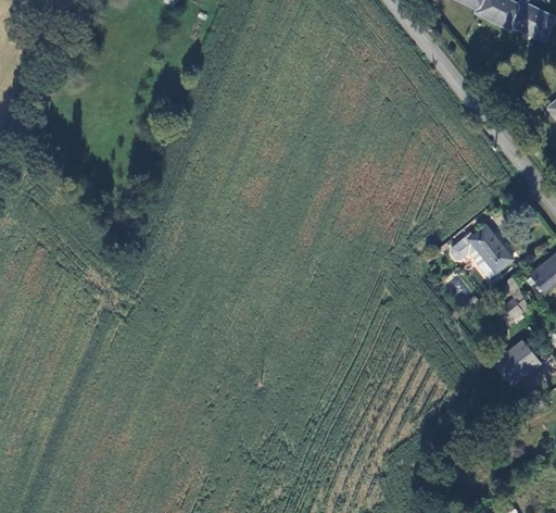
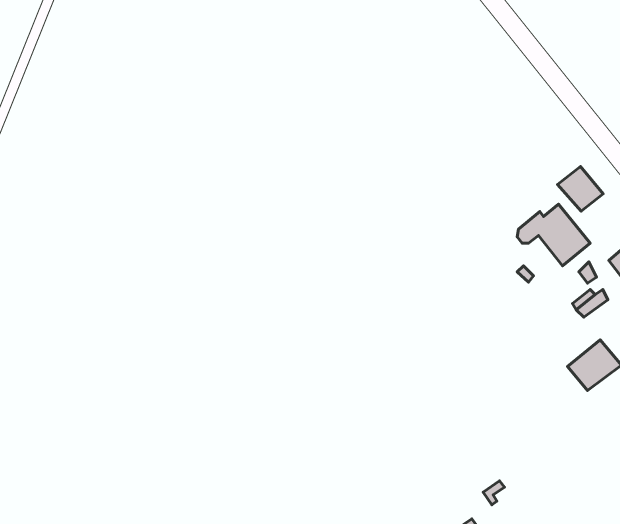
building: none -> [557,166,603,211]

